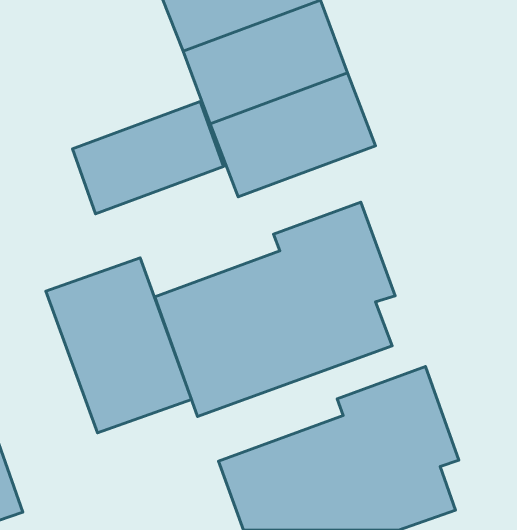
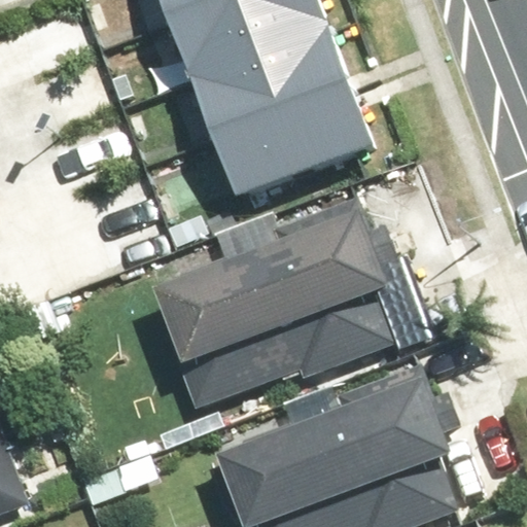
building: [72,101,223,214] -> none
building: [46,258,192,433] -> none

